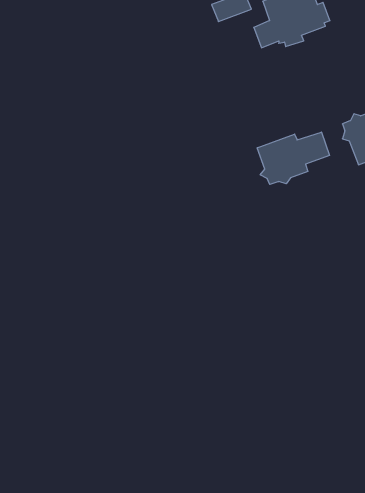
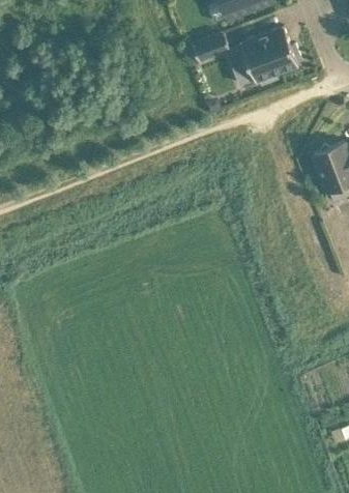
building: [257,132,329,184] -> none

